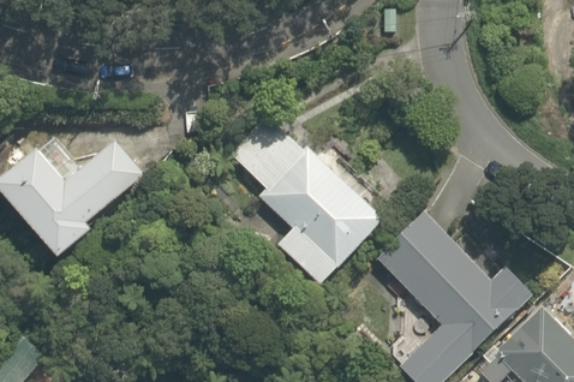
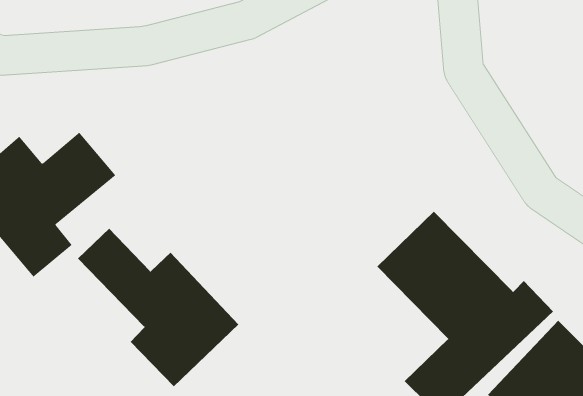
building: [229,115,393,290] -> none
building: none -> [77,228,239,387]

